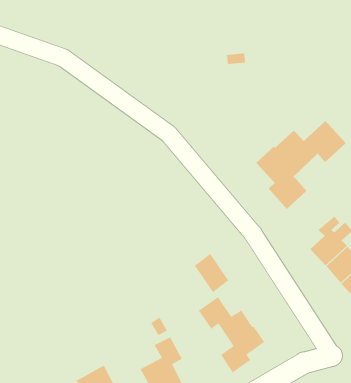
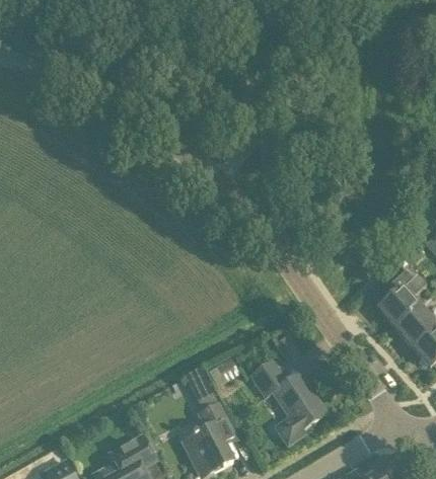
building: [256,120,346,210] -> none
building: [194,253,229,293] -> none

